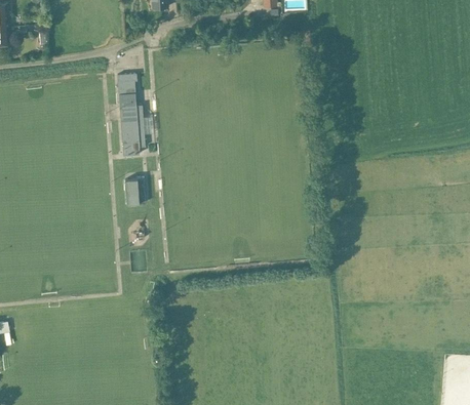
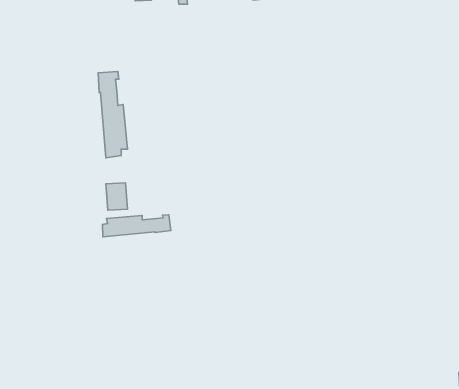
building: none -> [102,215,171,237]

